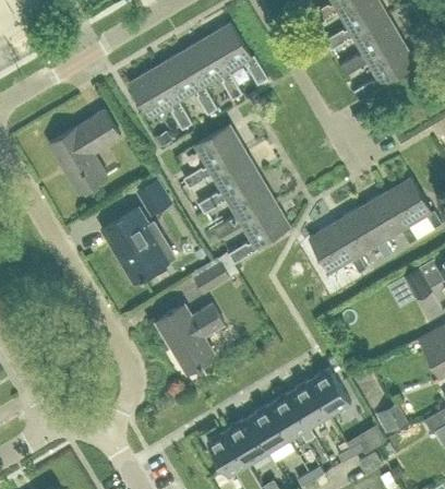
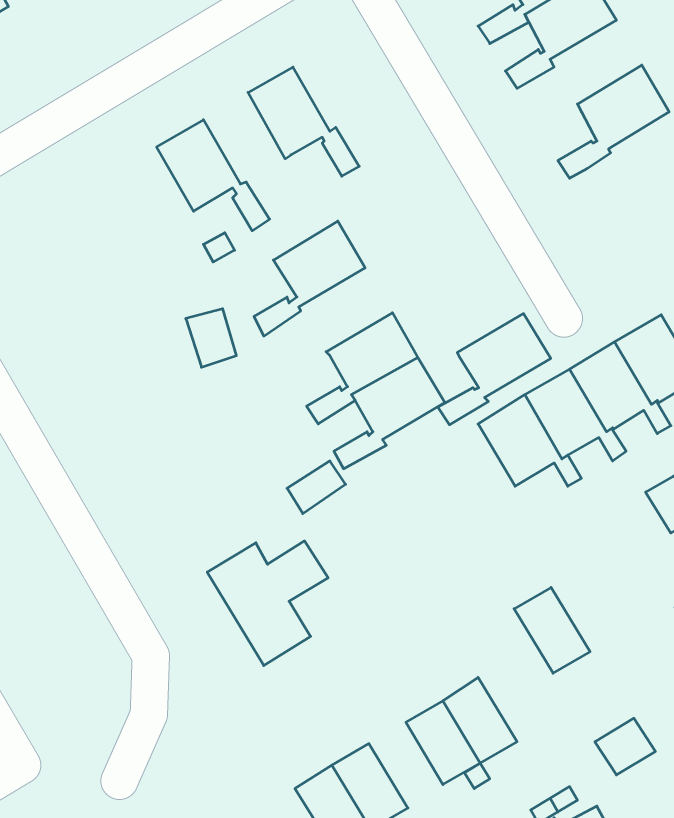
building: [338,13,400,76] -> none
building: [205,24,267,85] -> none
building: [155,53,217,116] -> none
building: [49,111,120,194] -> none
building: [197,152,261,214] -> [438,314,551,425]
building: [104,210,169,283] -> none
building: [309,369,351,417] -> [514,587,590,673]
building: [248,406,289,454] -> none

